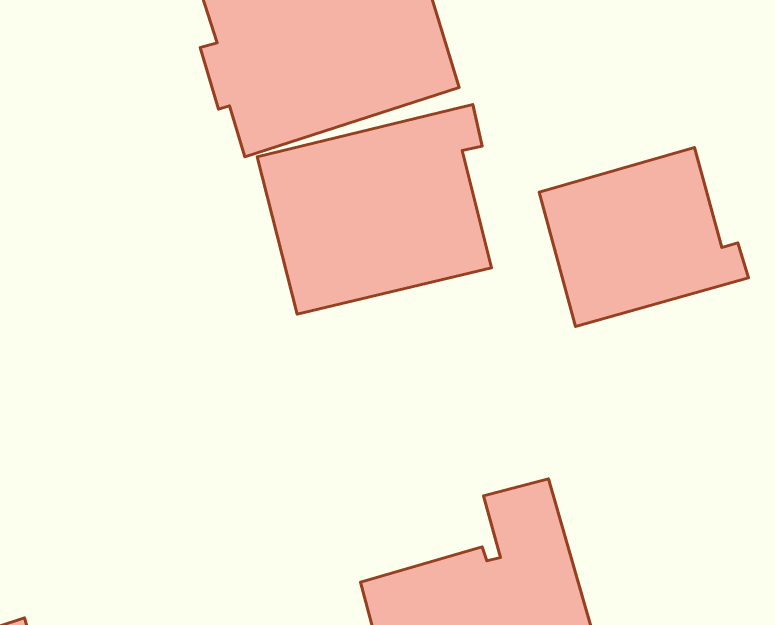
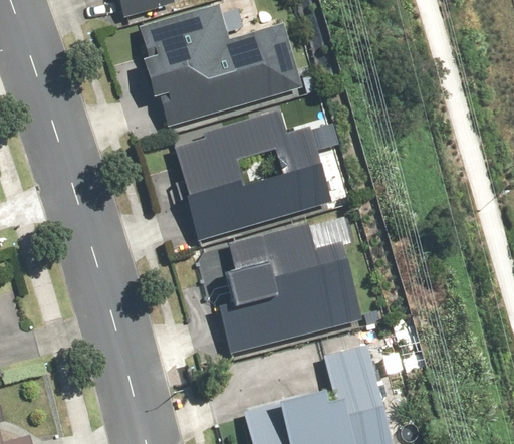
building: [539,148,748,327] -> none
building: none -> [205,213,363,361]

